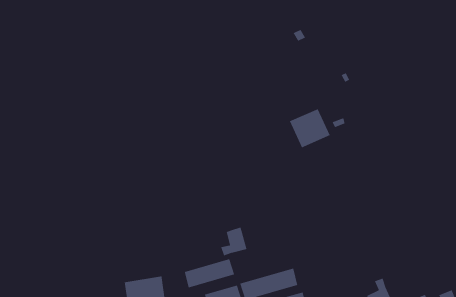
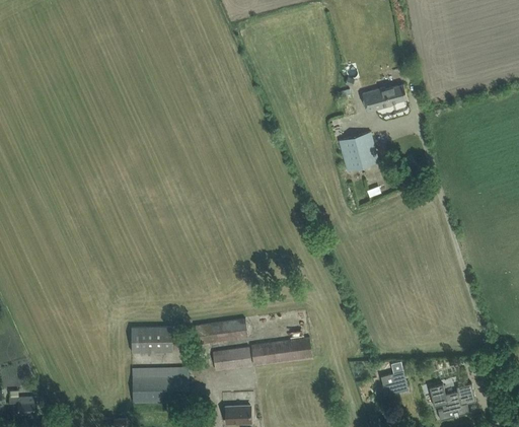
building: none -> [362,84,406,112]
building: [289,108,331,148] -> [338,132,379,171]
building: [220,227,248,257] -> none

